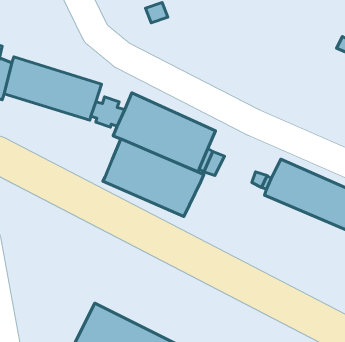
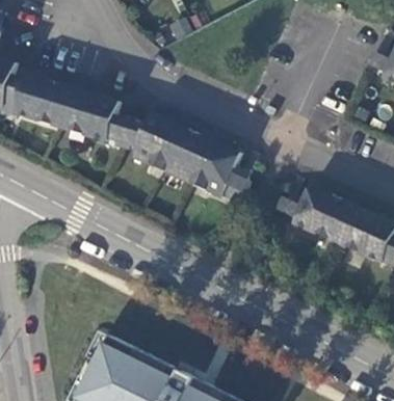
building: [103,139,204,216] -> none

